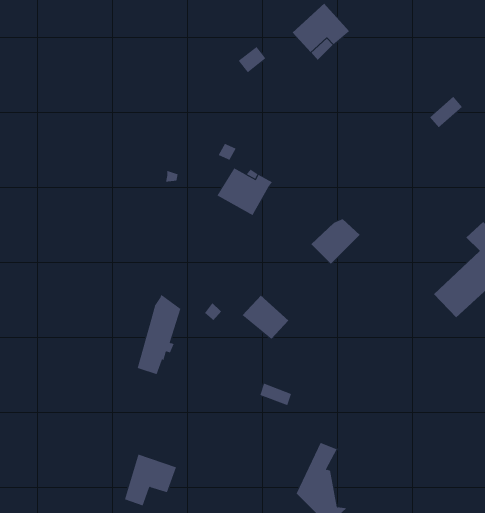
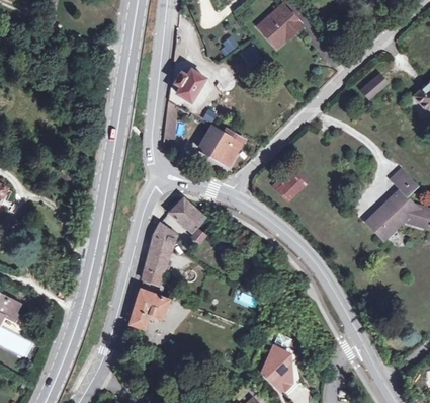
building: none -> [174,69,204,101]
building: [242,295,289,339] -> [169,197,204,231]
building: [124,454,177,506] -> [130,289,169,328]

